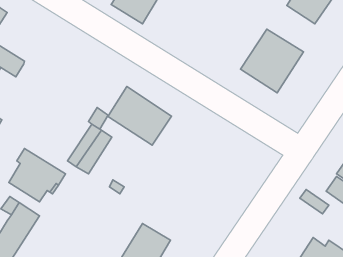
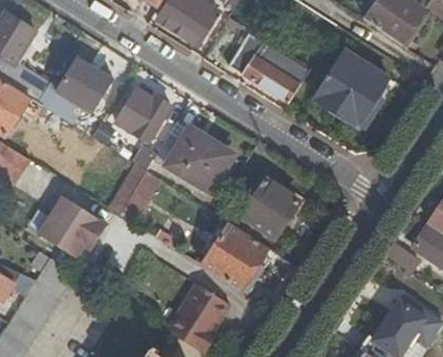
building: none -> [228,35,307,103]
building: none -> [55,57,111,113]
building: none -> [114,89,171,142]
building: none -> [241,180,298,237]
building: none -> [200,221,266,290]

